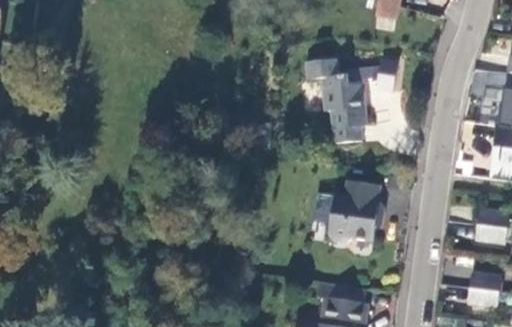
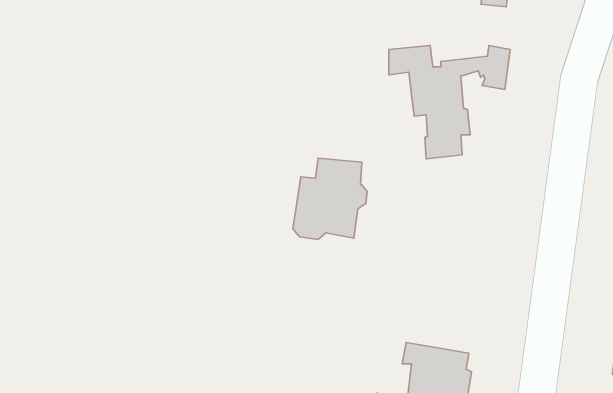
building: [326,180,382,241] -> [293,158,367,239]

